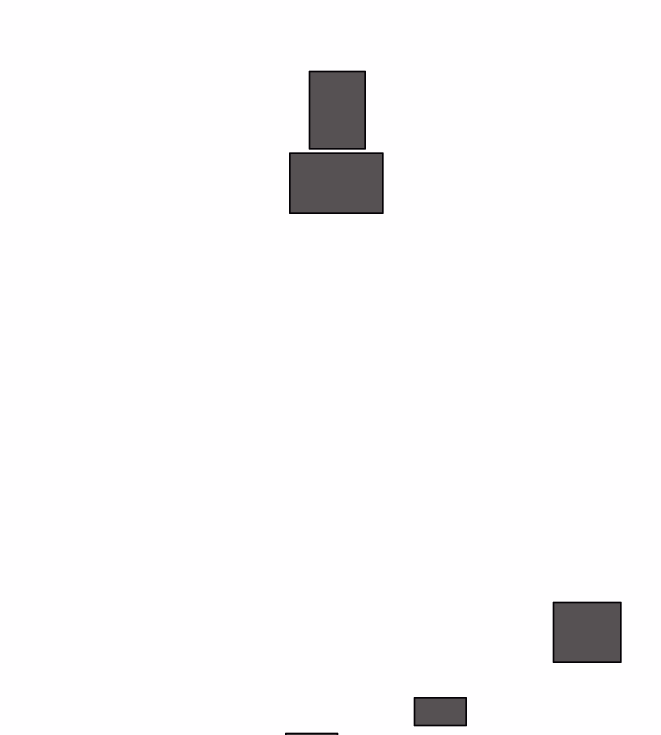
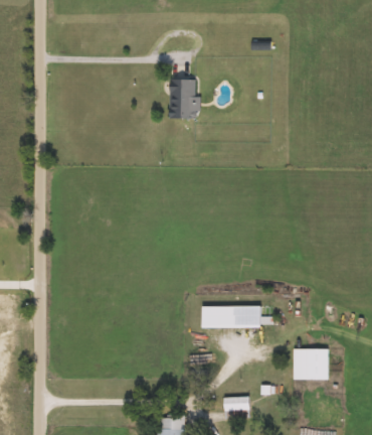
building: [290,153,383,213] -> none
building: none -> [201,305,261,326]

